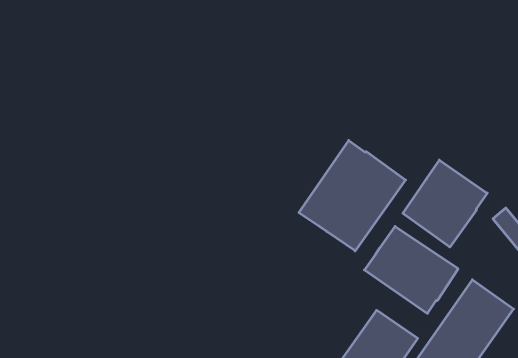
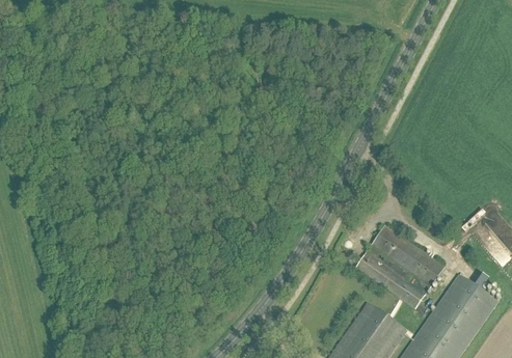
building: [299,140,406,251] -> none
building: [403,160,487,247] -> none

